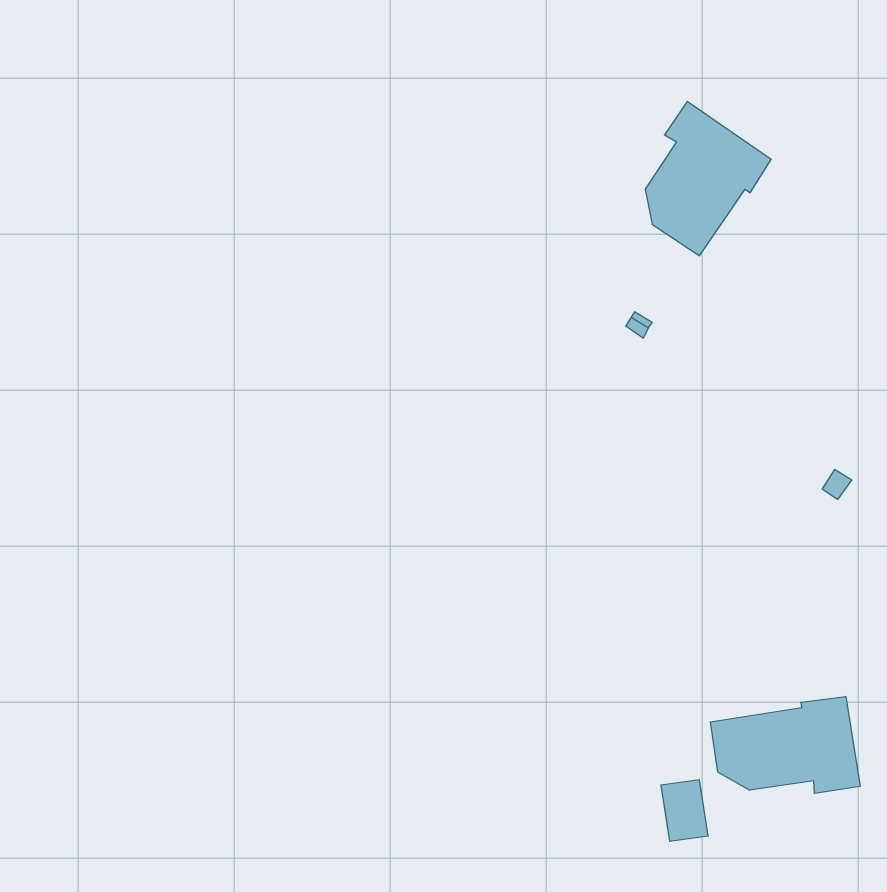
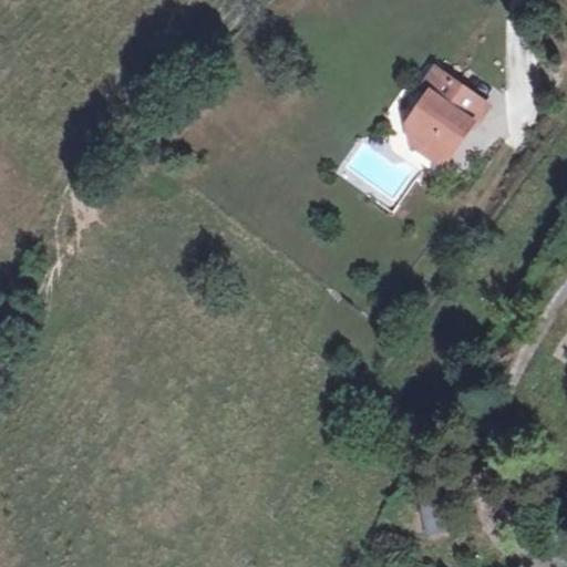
building: [711,696,860,793] -> none

